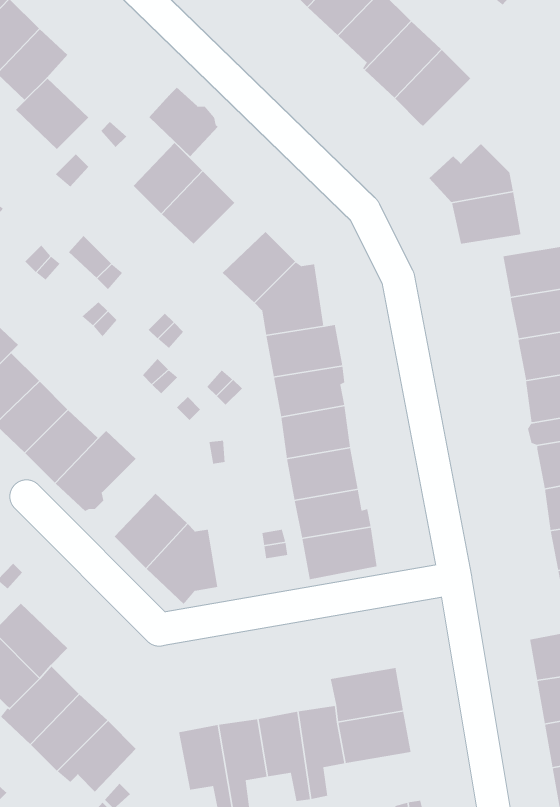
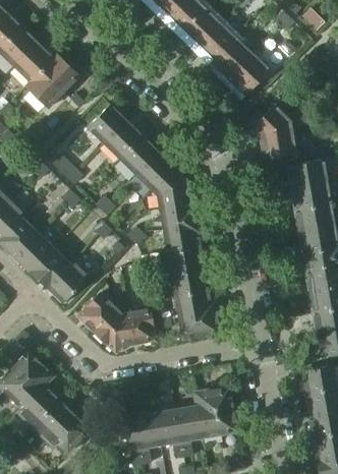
building: [148,87,219,157] -> [42,53,79,91]
building: none -> [120,136,159,174]
building: none -> [128,307,155,343]

